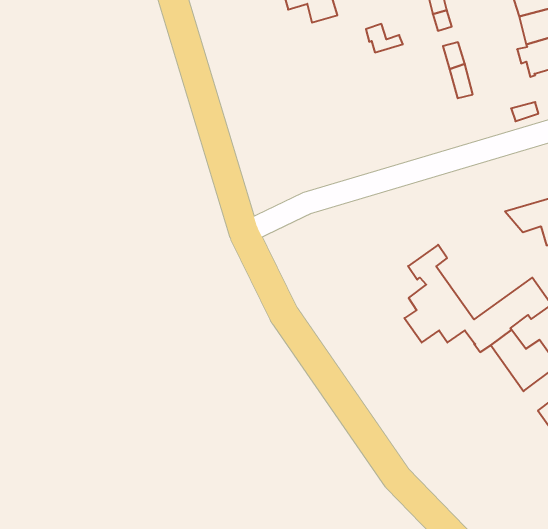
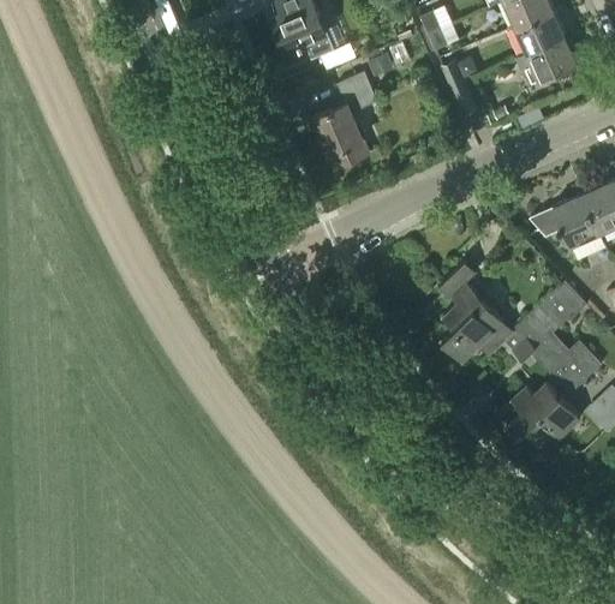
building: none -> [314,71,377,168]
building: none -> [507,381,581,445]

